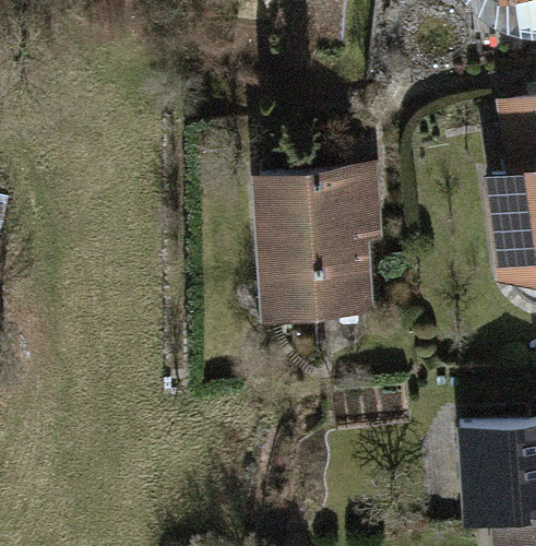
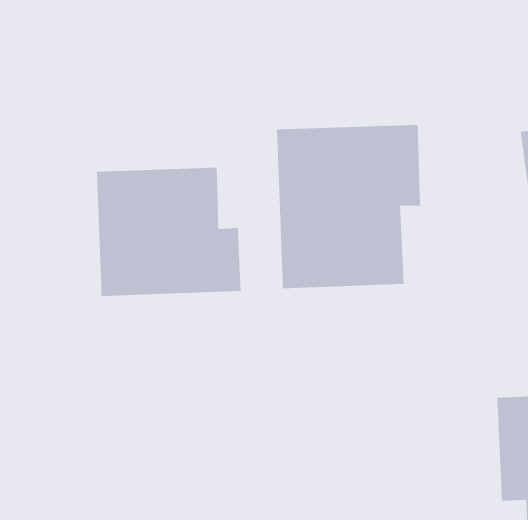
building: none -> [97,167,241,297]

